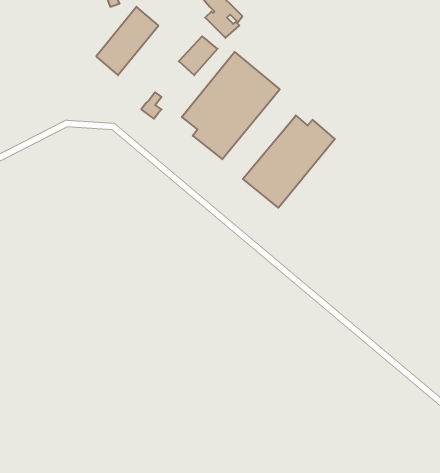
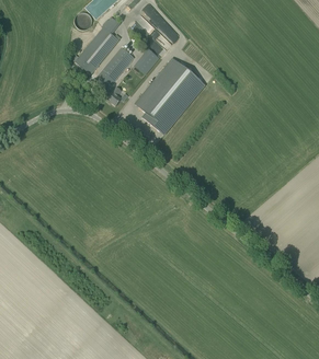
building: none -> [96,47,135,89]
building: [243,115,335,208] -> none

